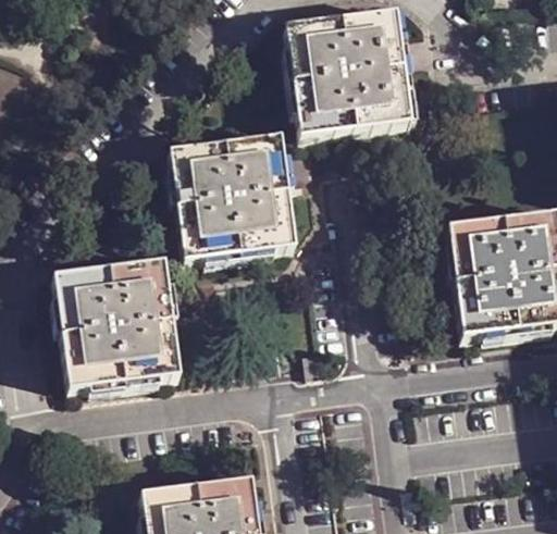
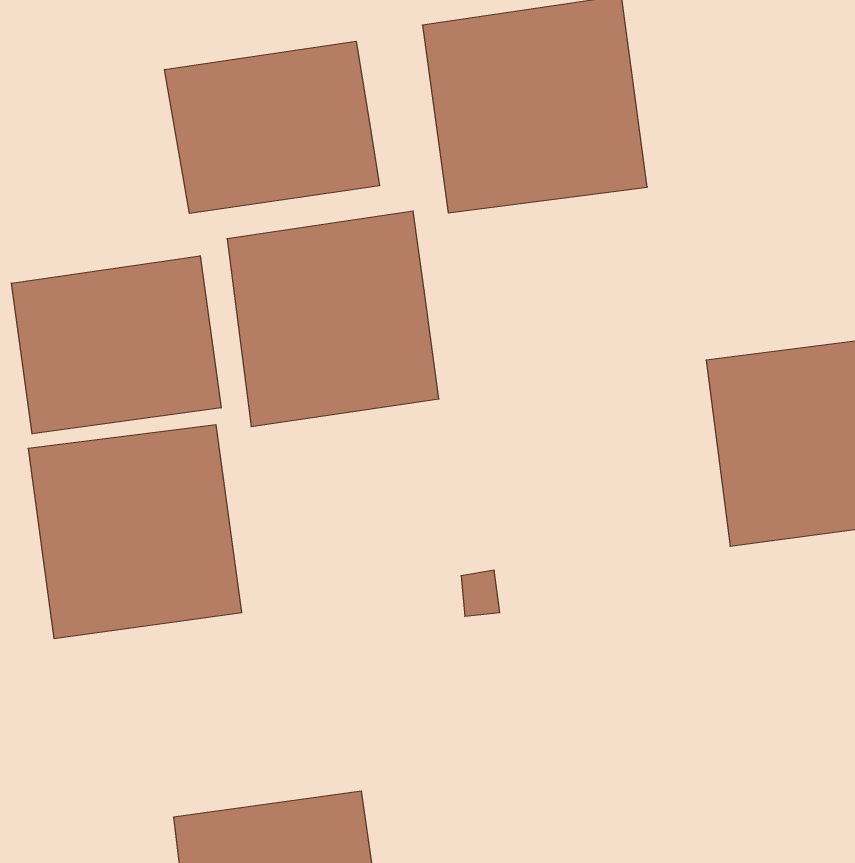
building: none -> [165,41,379,213]
building: none -> [11,256,221,434]

